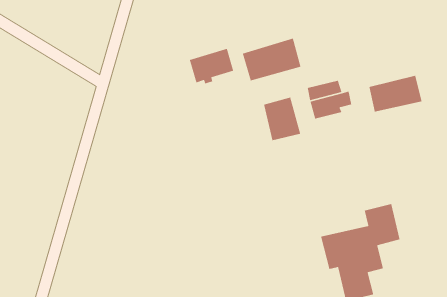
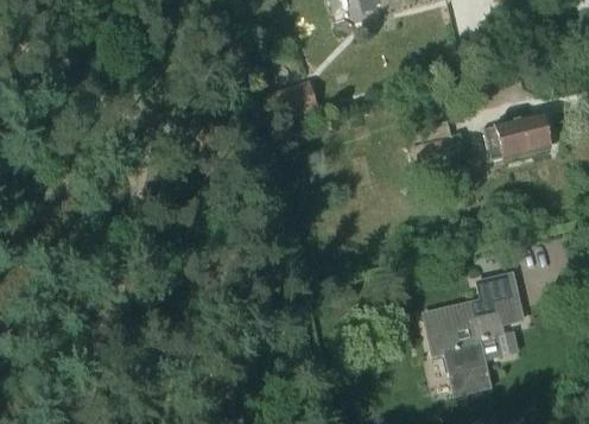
building: [242,37,302,81] -> none
building: [263,97,301,141] -> none

